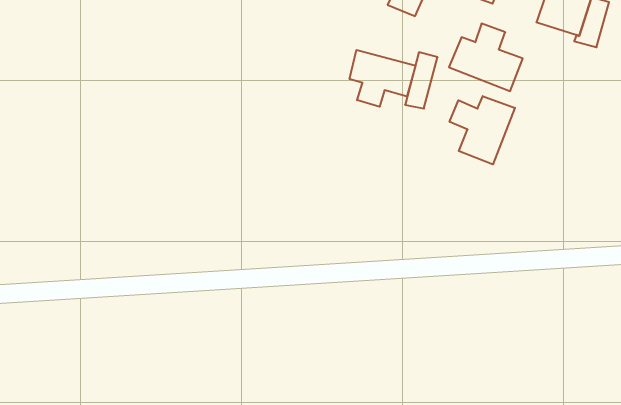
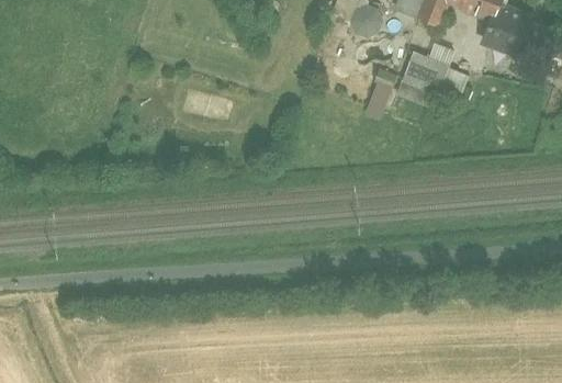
building: [350,50,415,107] -> none
building: [450,96,515,164] -> none

